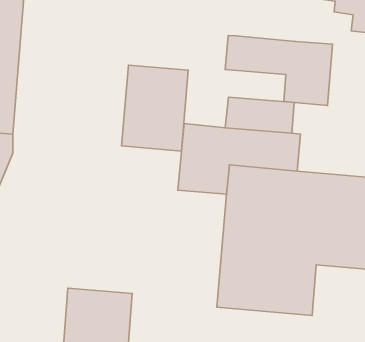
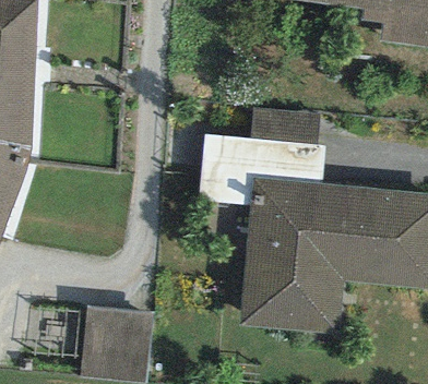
building: [225,35,332,105] -> none
building: [122,65,188,151] -> none

